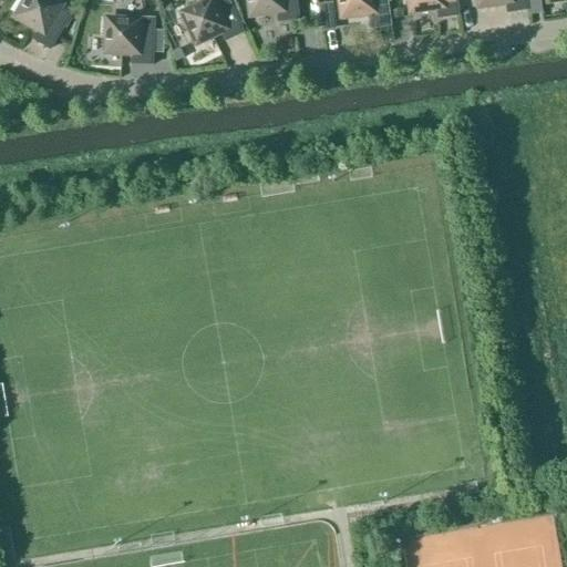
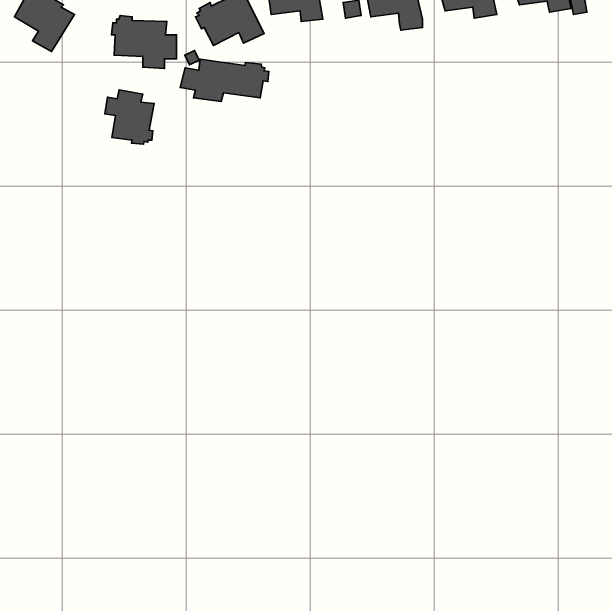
building: none -> [180,59,269,102]
building: none -> [105,90,154,144]

